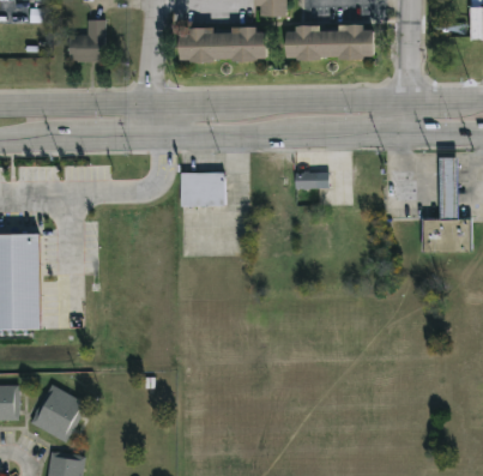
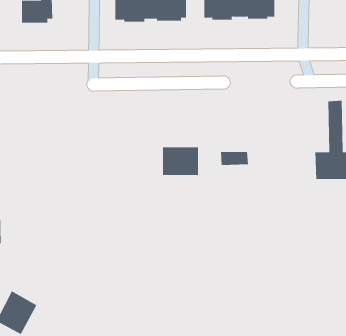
building: [177,171,222,206] -> [162,147,199,175]
building: [296,173,331,189] -> [220,152,249,165]

